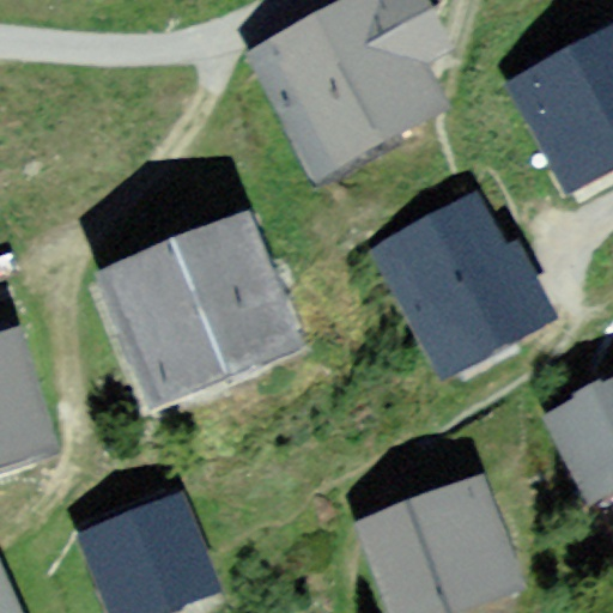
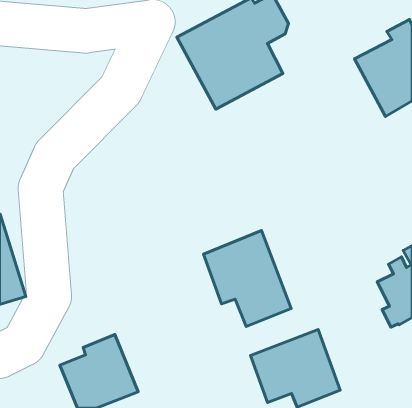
building: [388,207,534,356] -> none
building: [99,226,281,389] -> none
building: none -> [203,231,291,327]

